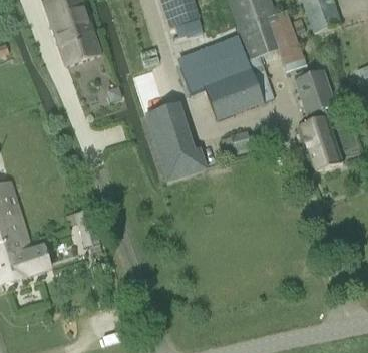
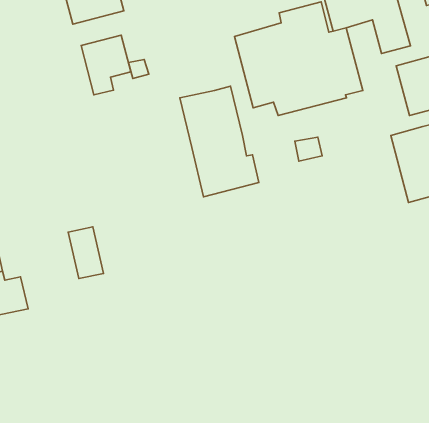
building: none -> [81,35,131,95]

